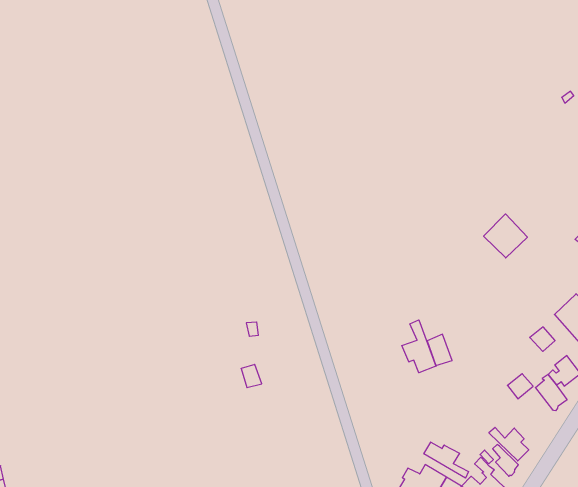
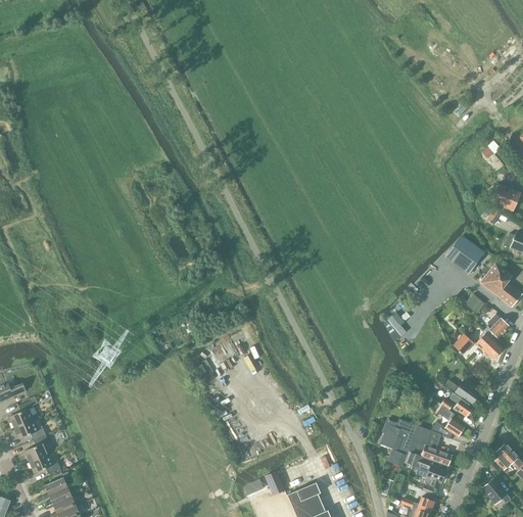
building: [484,214,527,258] -> [448,238,483,273]
building: [402,320,436,373] -> none
building: [424,442,468,478] -> none

